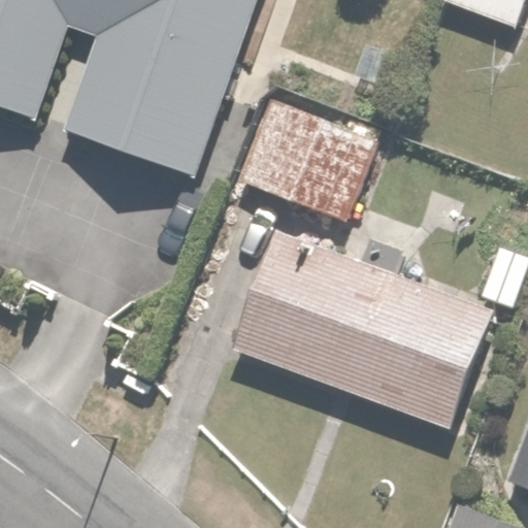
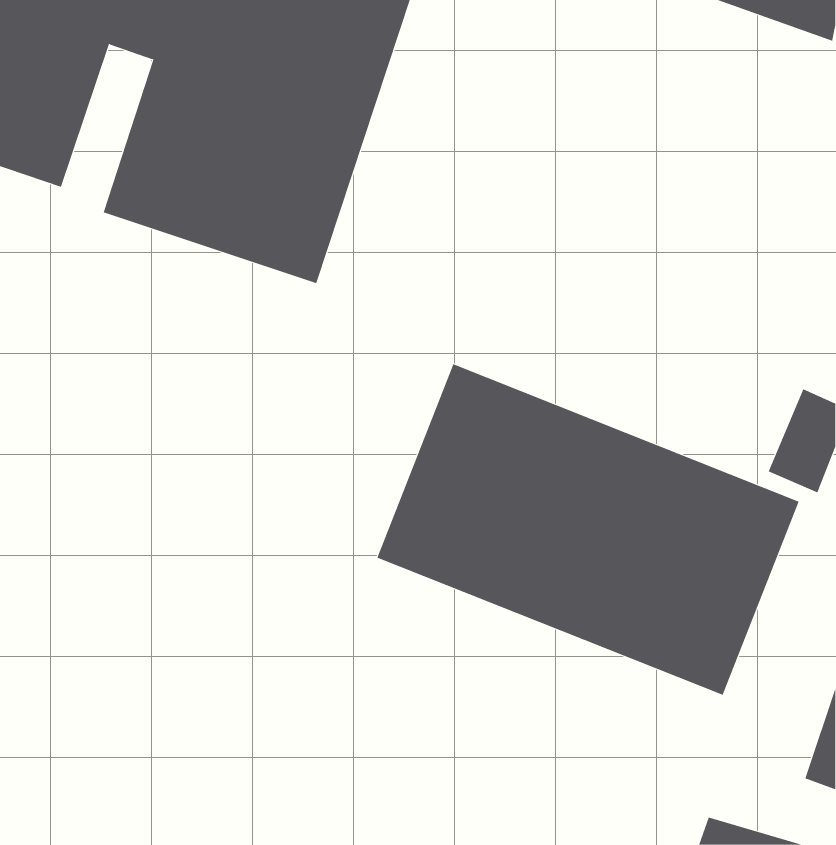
building: [232,94,366,222] -> none

